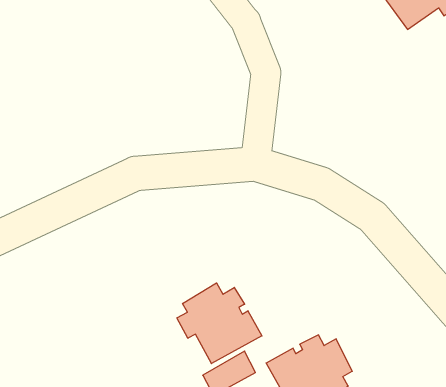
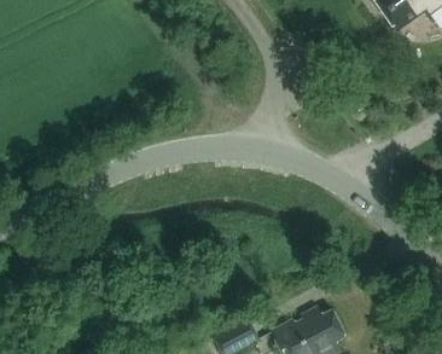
building: [177,283,262,364] -> none

